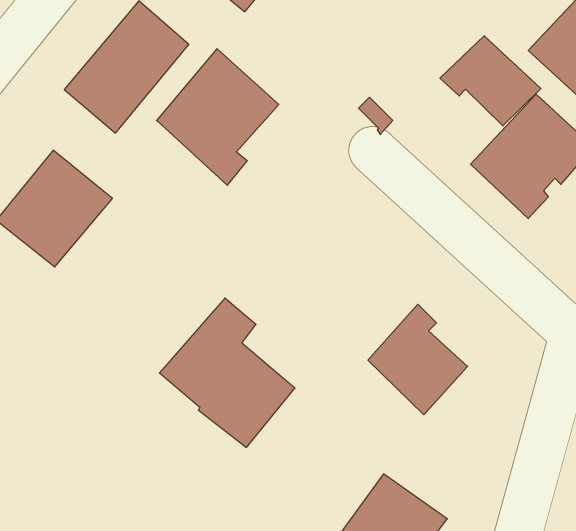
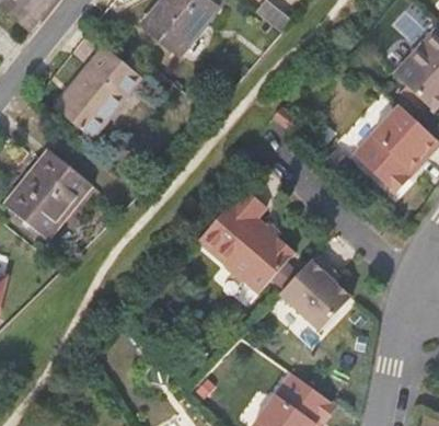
building: [440,36,541,126] -> none
building: [157,49,279,185] -> none
building: [159,298,295,447] -> [190,188,286,293]

